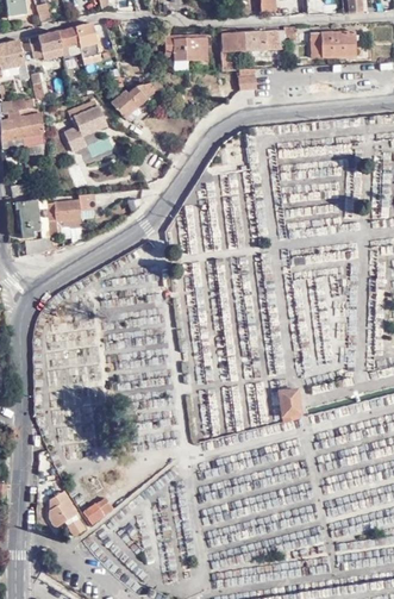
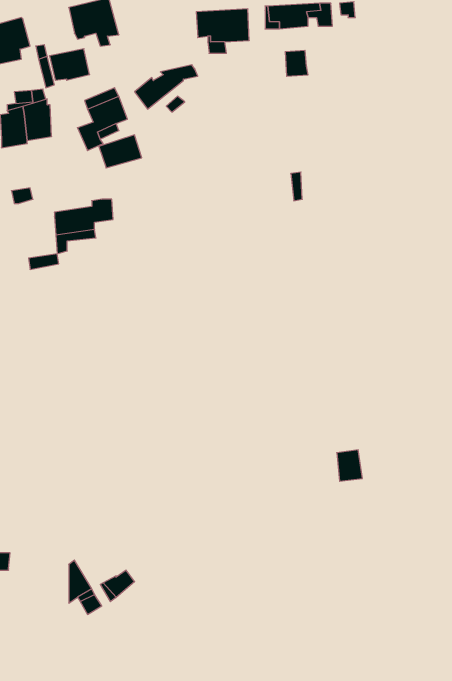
building: [30,32,63,58] -> [49,49,90,80]
building: [307,32,355,58] -> none
building: [14,196,46,237] -> none

